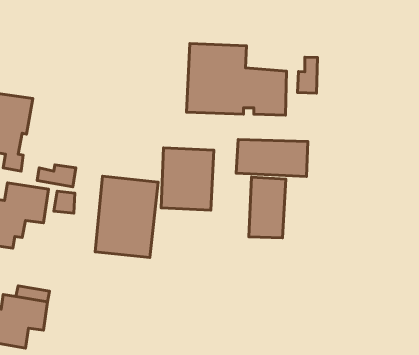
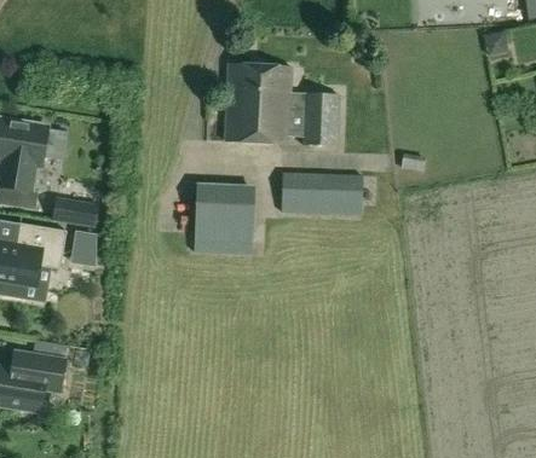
building: [298,57,317,93] -> none
building: [95,176,158,258] -> none
building: [249,177,286,238] -> none

